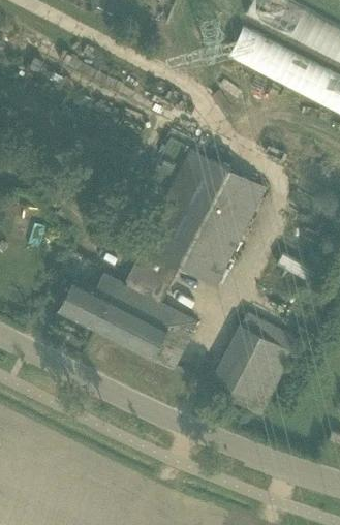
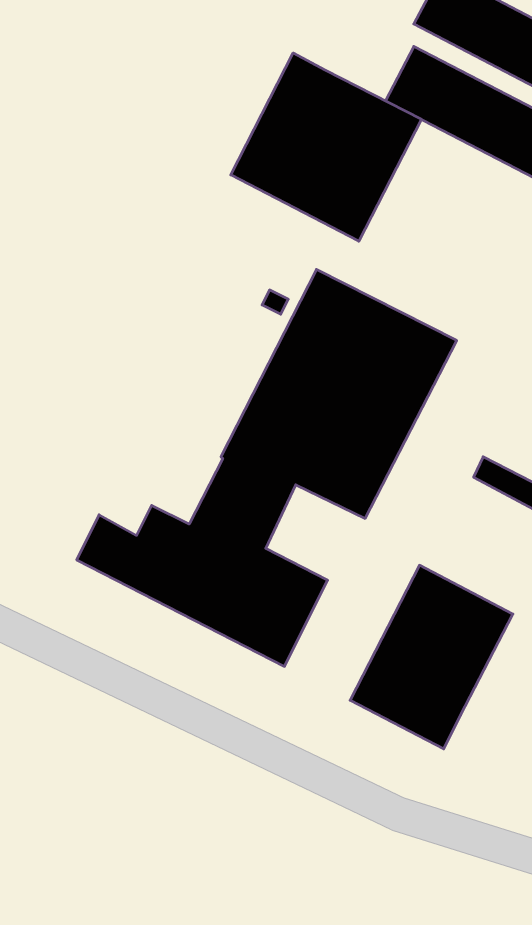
building: none -> [231,53,421,241]

